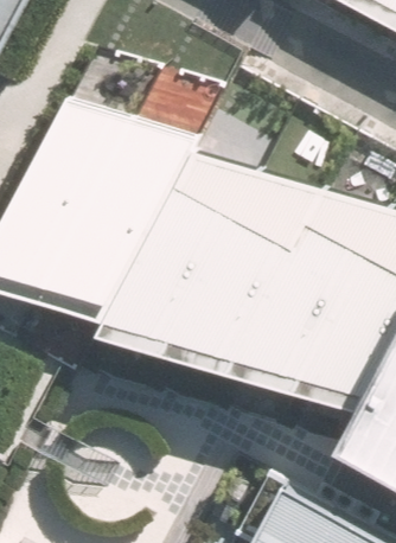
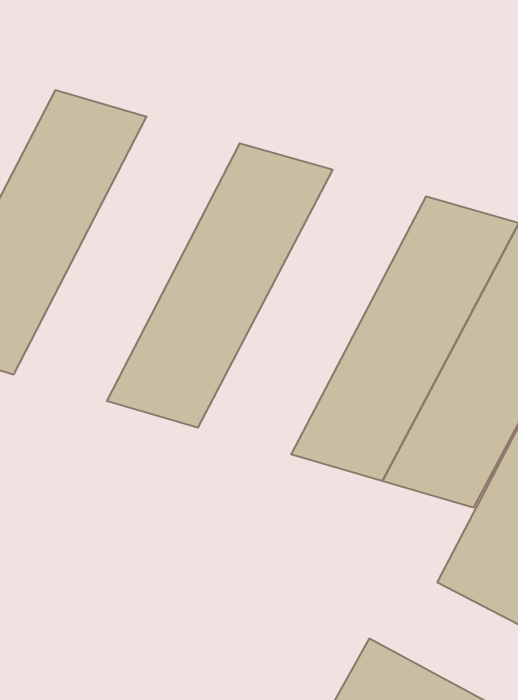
building: [33,123,194,326] -> none
building: [165,161,327,364] -> none

